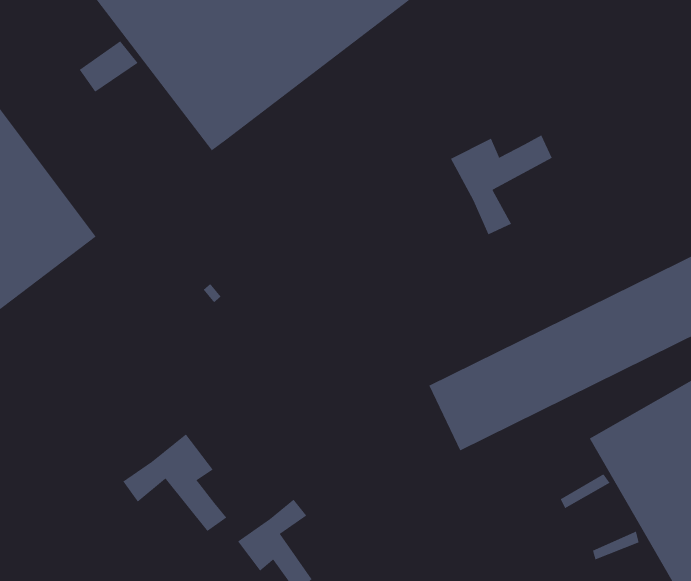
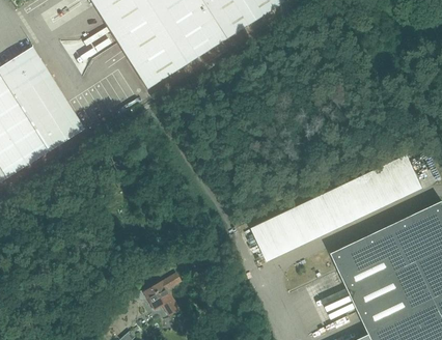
building: [450,134,553,235] -> none
building: [123,434,227,532] -> none

